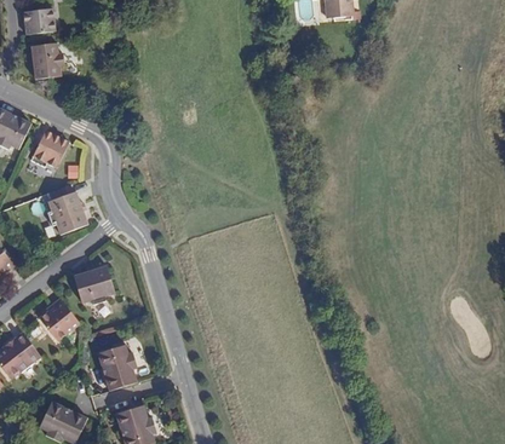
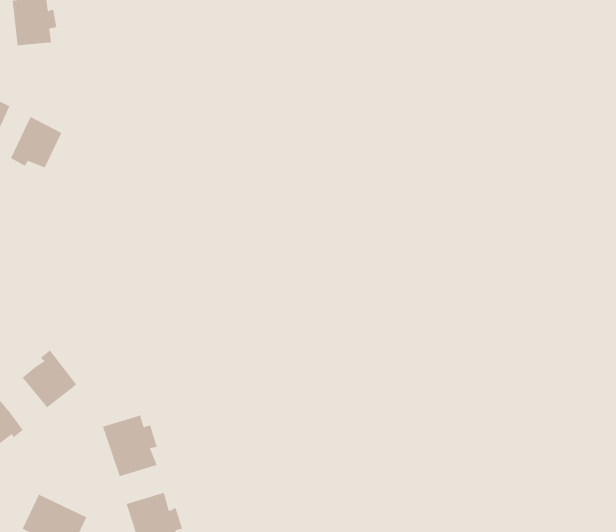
building: [47,191,87,233] -> none
building: [74,265,119,305] -> none

